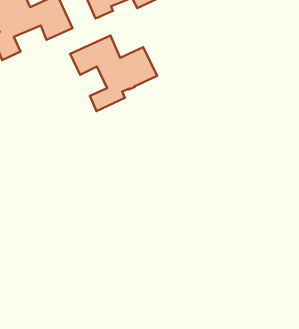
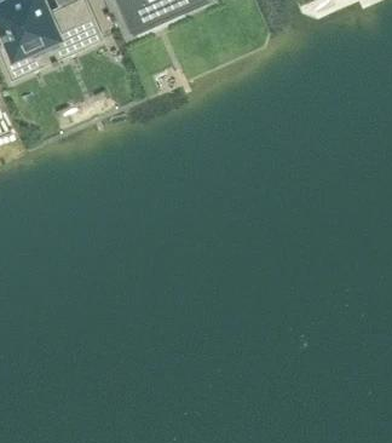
building: [70,35,157,111] -> none

